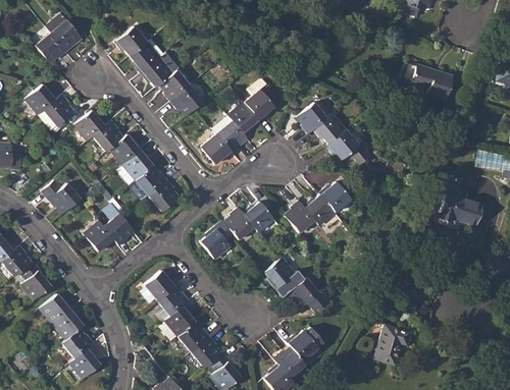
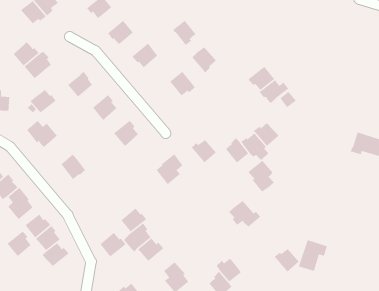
building: [130,39,164,73] -> none
building: [401,61,452,99] -> none
building: [159,69,191,102] -> none
building: [297,102,327,133] -> none
building: [228,103,258,134] -> [172,20,196,46]
building: [74,110,107,140] -> [30,89,56,113]
building: [201,132,234,164] -> none
building: [109,134,142,164] -> none
building: [136,165,168,196] -> none
building: [102,202,135,246] -> none
building: [224,207,255,240] -> none
building: [264,257,297,296] -> [248,160,274,193]
building: [144,270,176,301] -> [99,232,126,258]
building: [286,331,317,360] -> [274,248,300,272]
building: [191,336,221,369] -> none
building: [69,347,100,379] -> [7,231,32,257]

